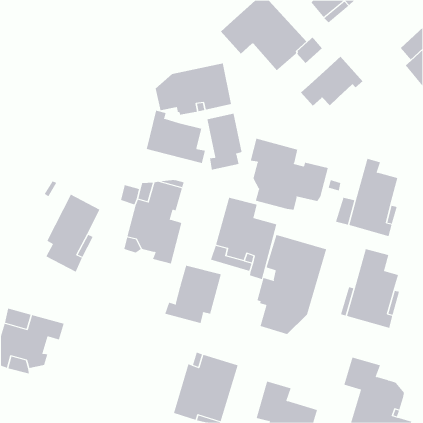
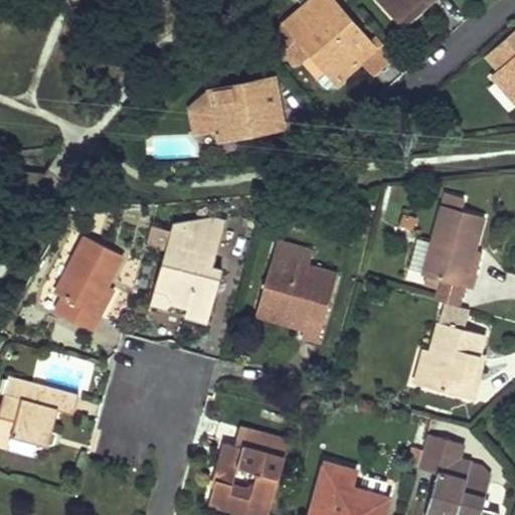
building: [300,56,364,106] -> none
building: [146,110,205,164] -> none
building: [207,113,242,170] -> none
building: [250,138,328,211] -> none
building: [257,234,327,335] -> none
building: [164,265,222,324] -> none

